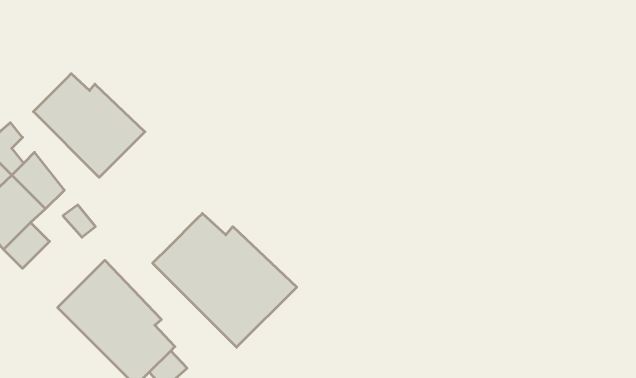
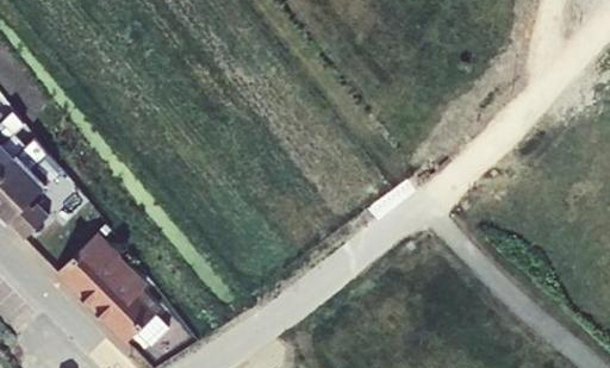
building: [33,74,145,177] -> none
building: [153,213,297,347] -> none

